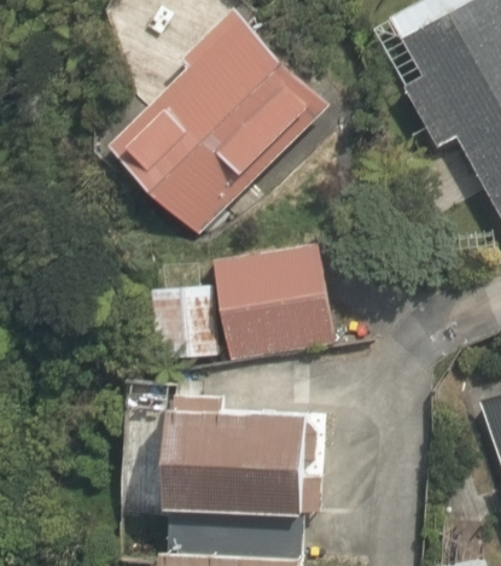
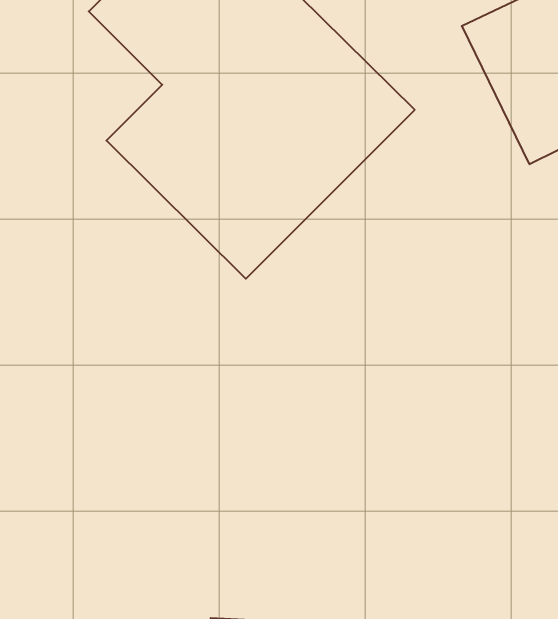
building: [209,238,342,373] -> none
building: [144,384,293,501] -> none

